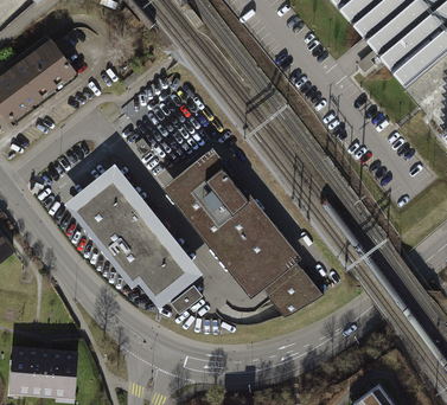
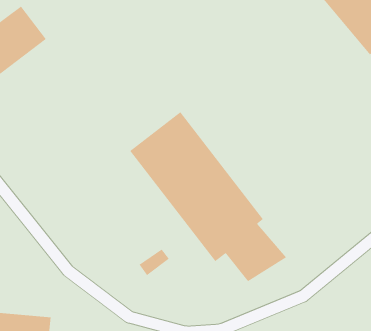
building: [62,161,200,306] -> none

